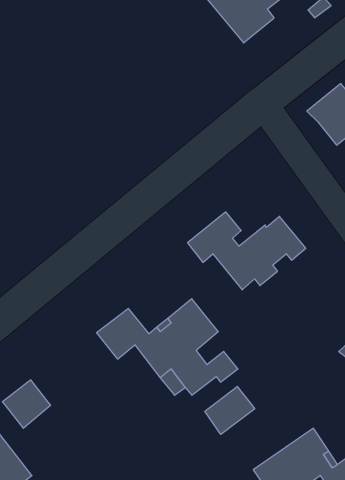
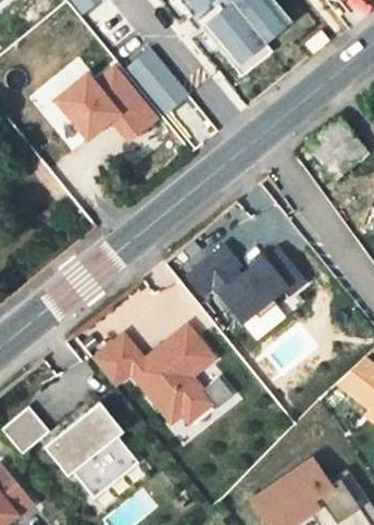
building: none -> [128,47,190,112]
building: none -> [57,65,158,139]
building: none -> [46,404,140,501]
building: [205,386,255,434] -> none

